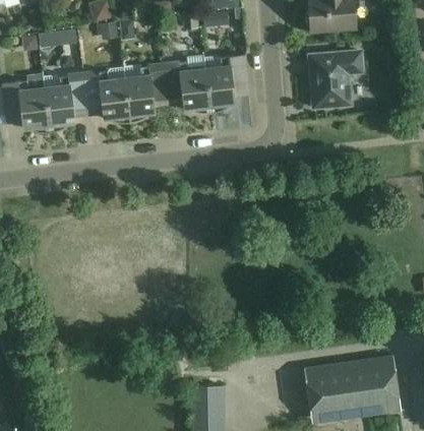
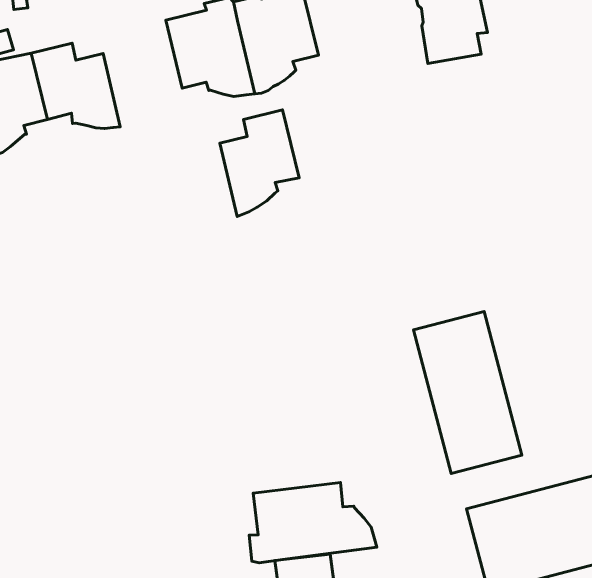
building: [124,64,168,123] -> [220,110,299,217]
building: none -> [414,311,522,473]
building: none -> [249,482,377,563]

